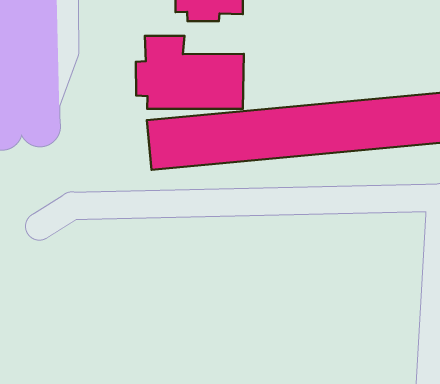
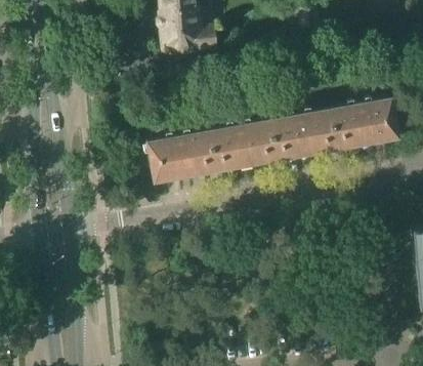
building: [136,36,244,109] -> none

